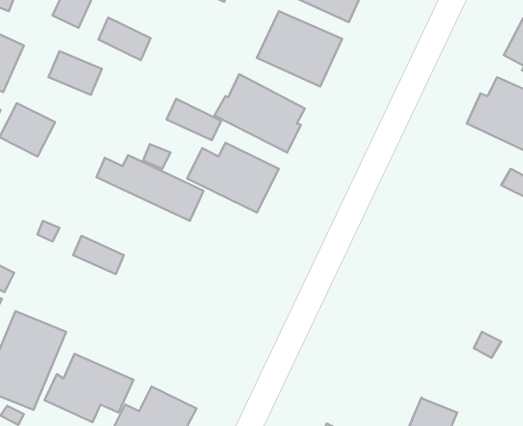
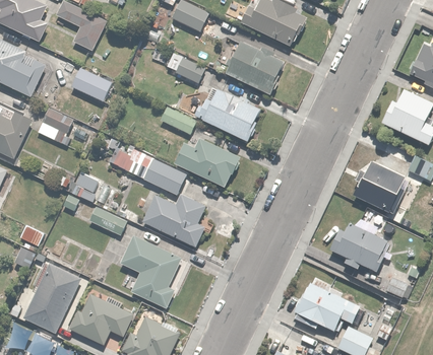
building: [98,18,151,60] -> [164,53,202,84]
building: none -> [352,162,412,217]
building: none -> [68,171,104,203]
building: none -> [141,193,207,248]
building: none -> [328,218,389,271]
building: none -> [118,234,186,307]
building: none -> [292,276,358,331]

